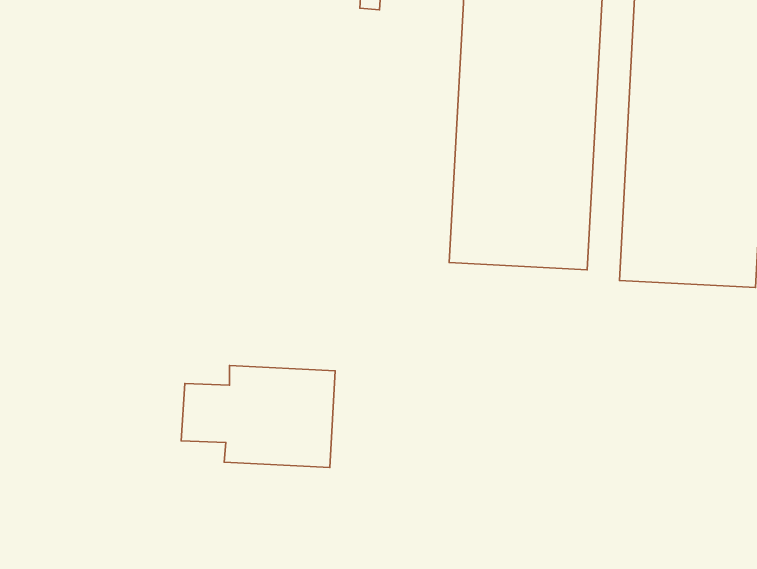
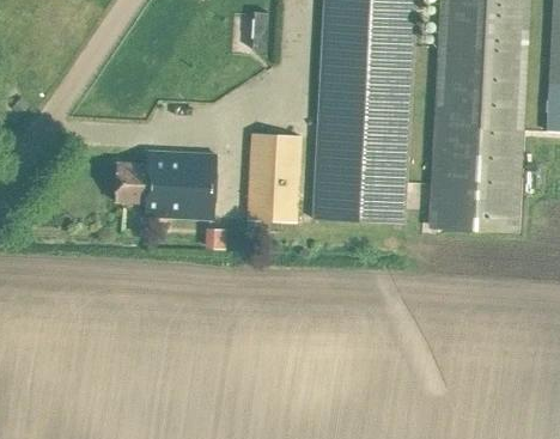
building: none -> [245,134,300,224]
building: [181,366,335,468] -> [115,151,218,219]

